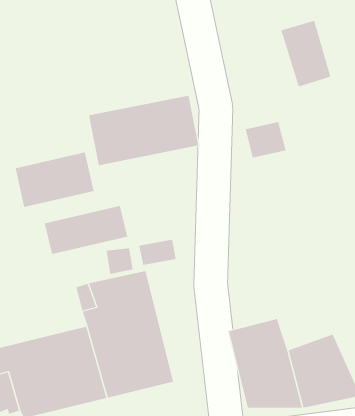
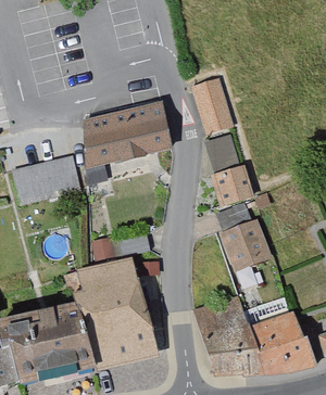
building: [281,20,331,87] -> [193,75,237,132]
building: none -> [211,162,251,203]
building: [44,205,128,255] -> none
building: none -> [218,216,272,269]

